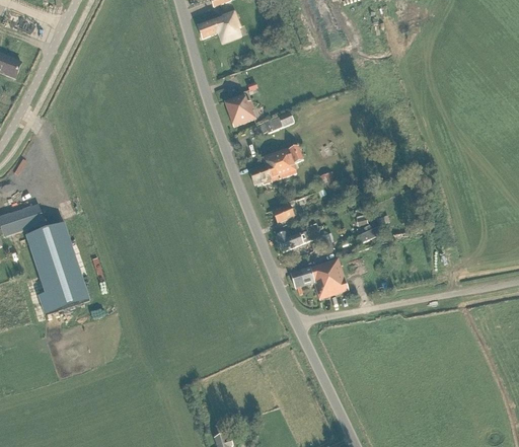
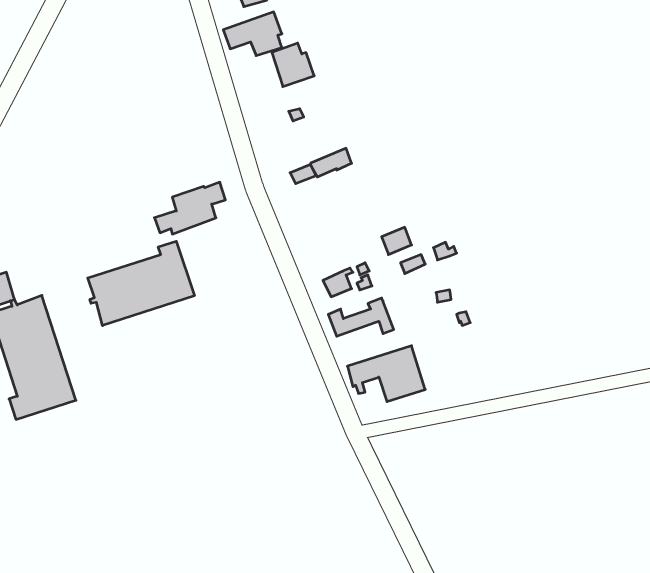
building: [226,93,257,126] -> [272,43,314,87]
building: [250,146,303,184] -> [154,182,225,234]
building: none -> [88,241,194,326]

